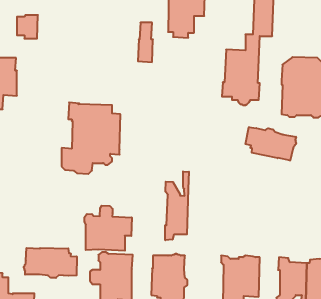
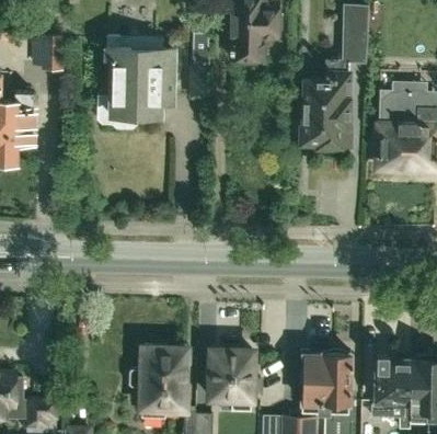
building: [62,102,120,174] -> [96,34,173,127]
building: [245,127,296,161] -> none
building: [165,171,189,240] -> none
building: [85,206,132,251] -> none
building: [24,248,77,278] -> none

